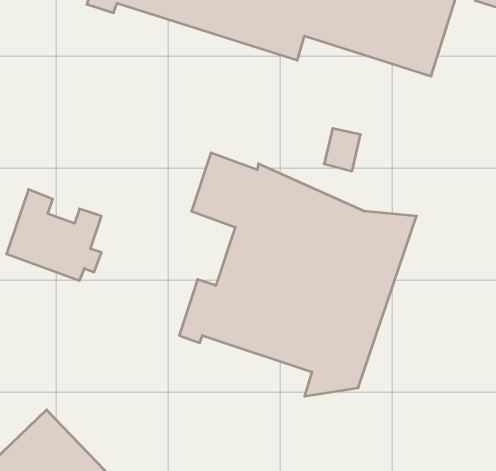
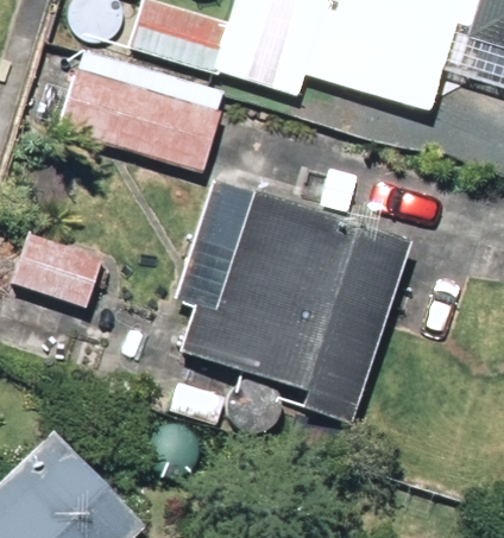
building: none -> [58,46,221,175]

